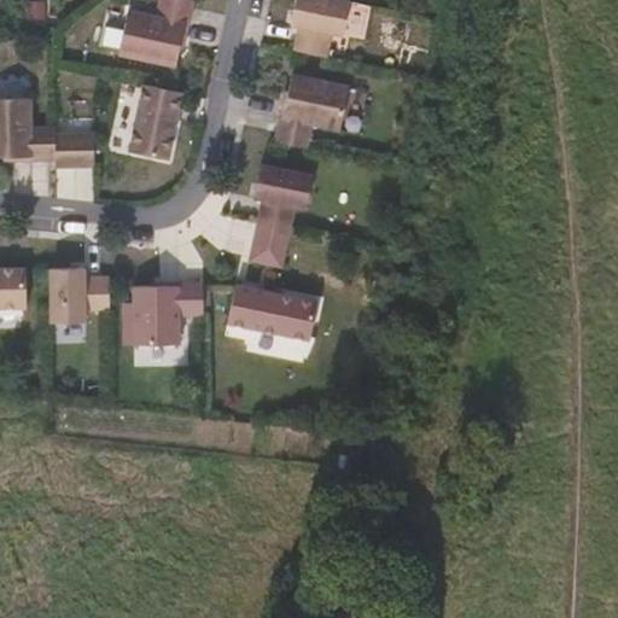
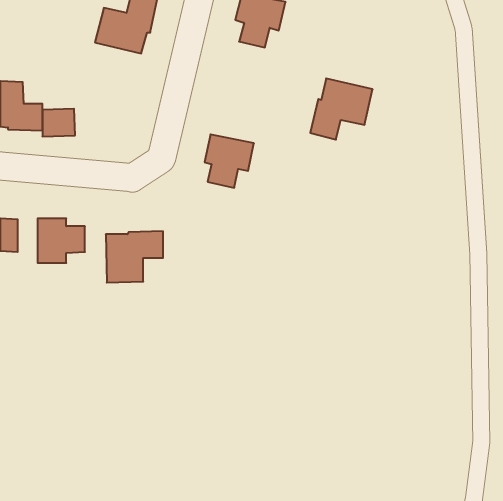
building: [275,74,351,148] -> [310,78,373,140]
building: [129,83,182,159] -> none
building: [249,222,288,267] -> none
building: [222,286,313,339] -> none

